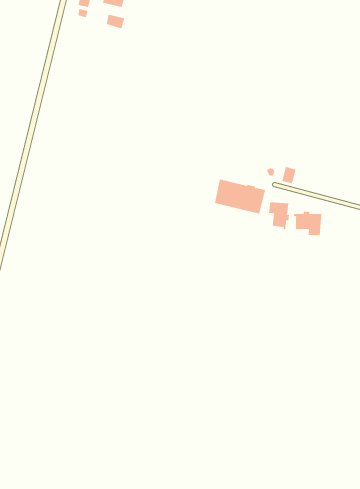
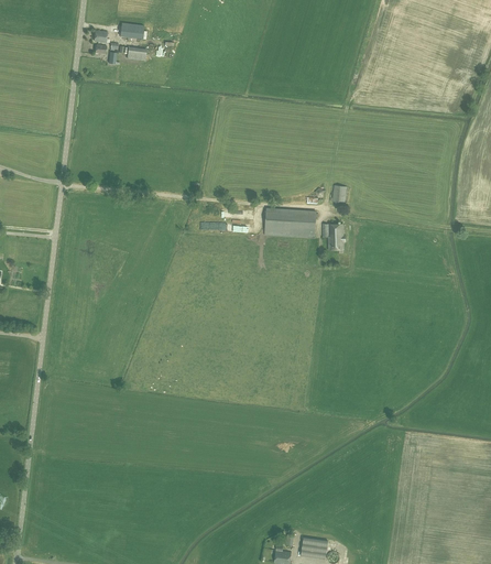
building: [293,211,322,236] -> none

